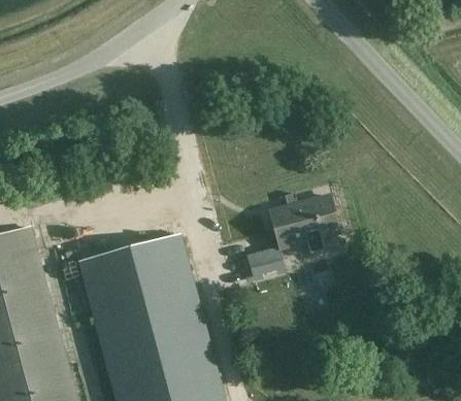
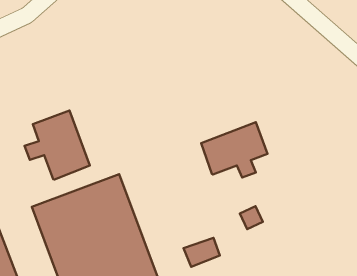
building: none -> [24,110,90,179]
building: [246,247,285,276] -> [184,238,220,267]

